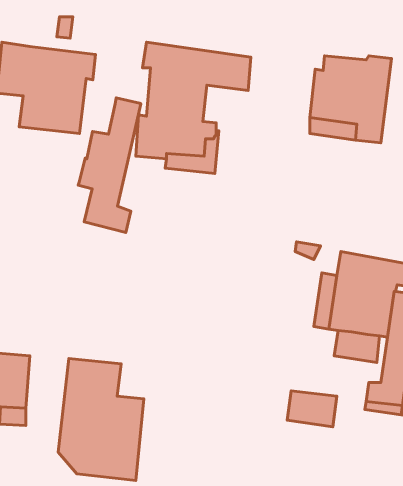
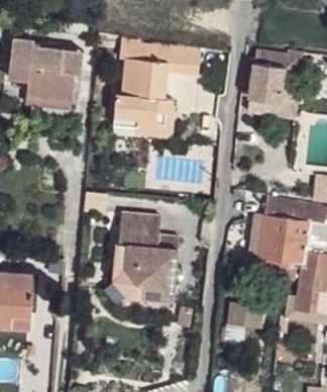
building: [78,98,141,232] -> none
building: [58,358,144,480] -> [114,209,179,301]

